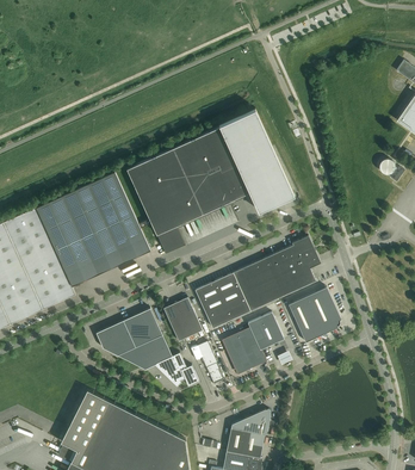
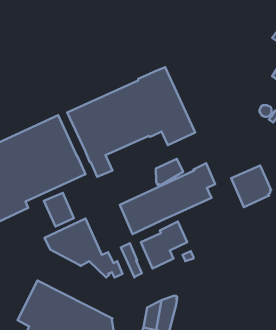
building: none -> [156,159,183,185]
building: [287,289,340,344] -> [231,165,271,207]
building: [162,298,202,342] -> [44,193,74,226]

